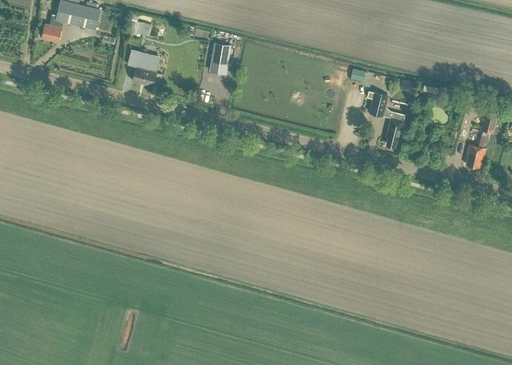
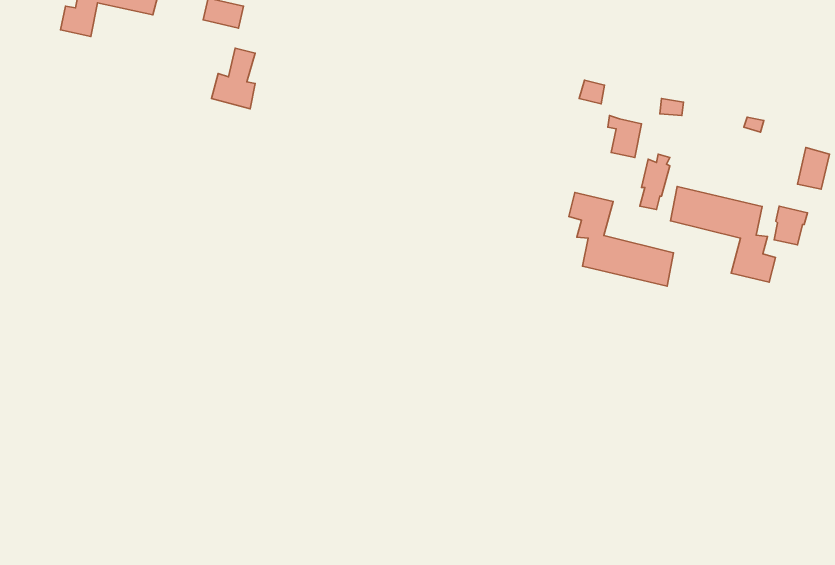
building: [210,44,230,75] -> none
building: none -> [671,187,775,282]
building: none -> [569,192,674,286]

